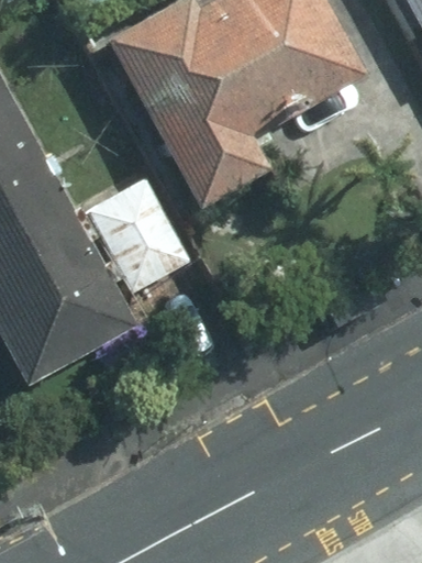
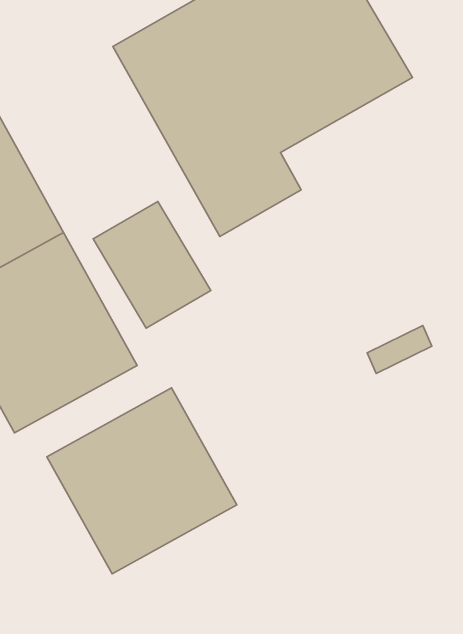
building: none -> [47,388,237,574]

